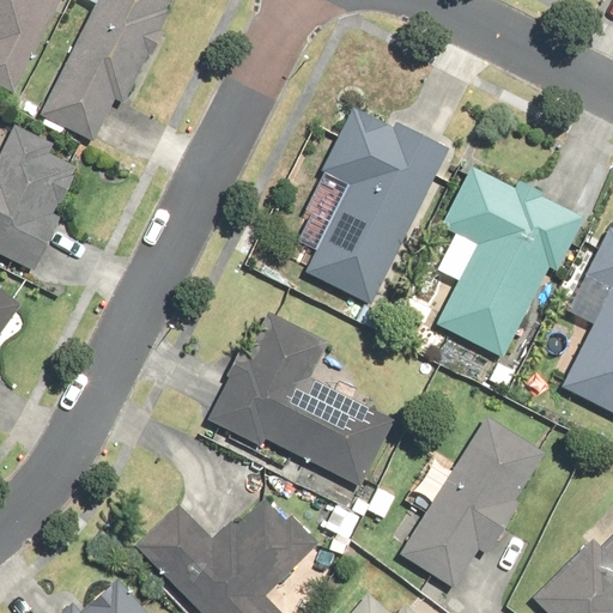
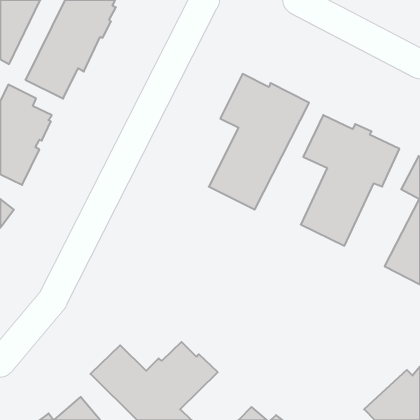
building: [207,311,393,485] -> none
building: [397,415,544,588] -> none

